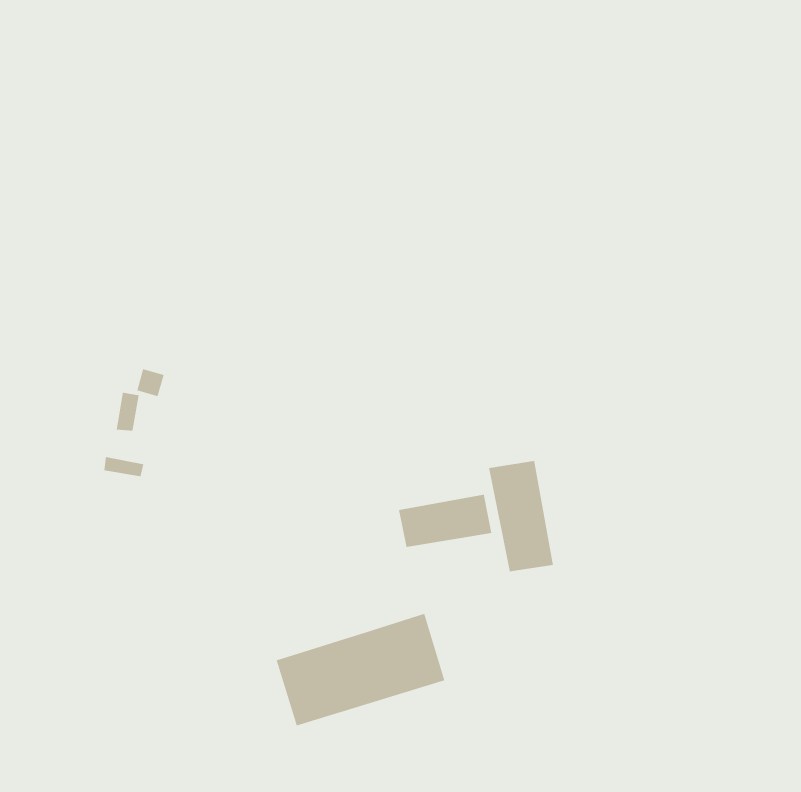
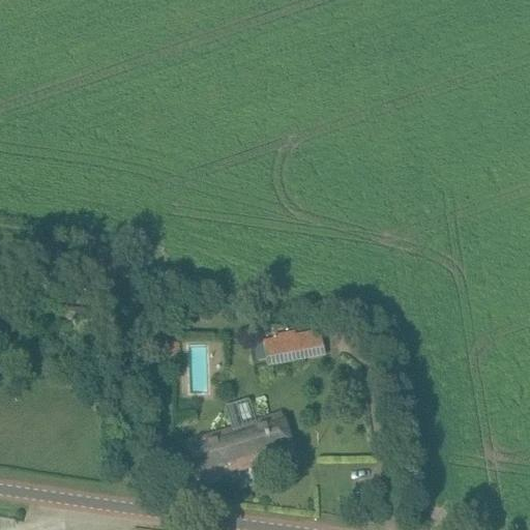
building: [489,460,554,572] -> none

